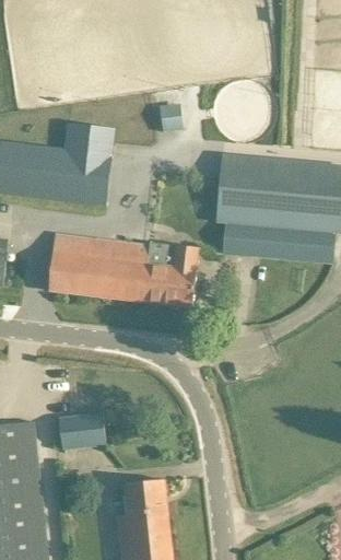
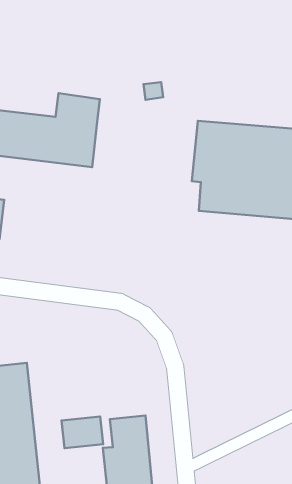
building: [48,234,198,307] -> none
building: [59,415,105,450] -> [62,417,103,448]

